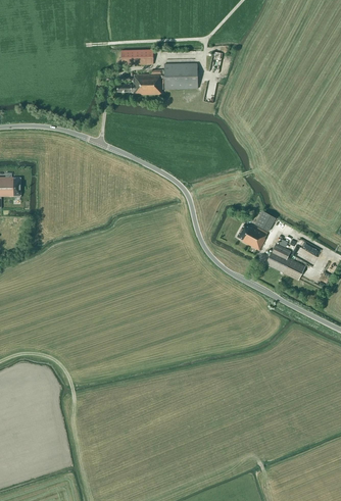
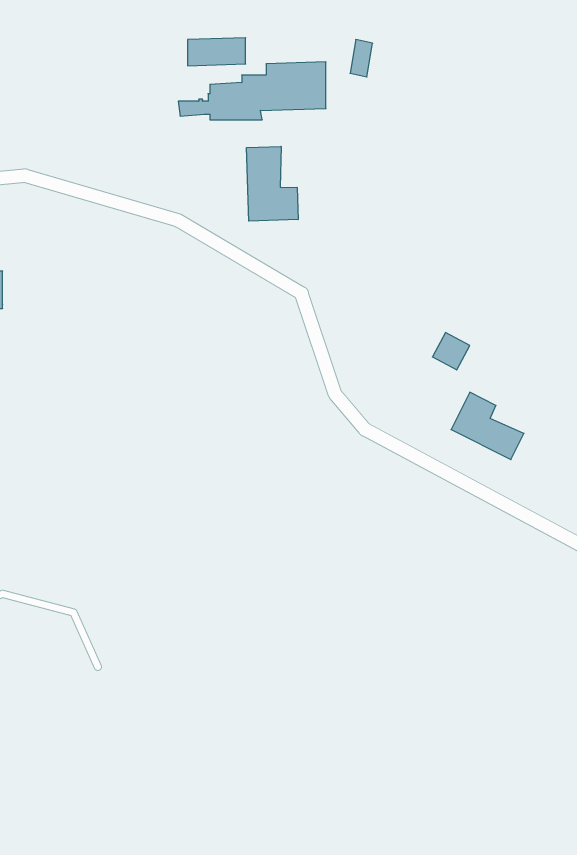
building: none -> [247,146,298,221]
building: [237,222,267,250] -> none

